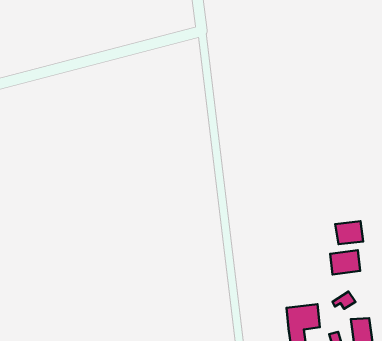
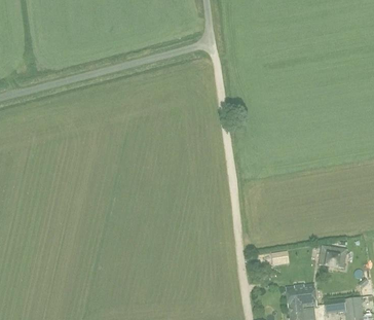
building: [335,221,363,244] -> none

